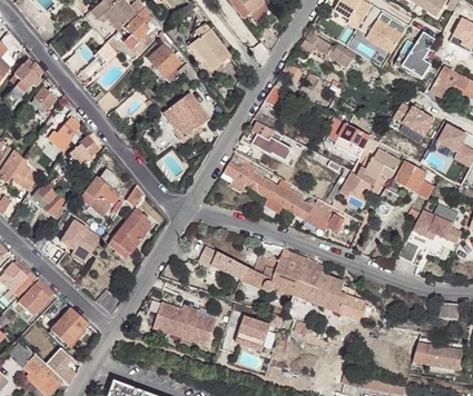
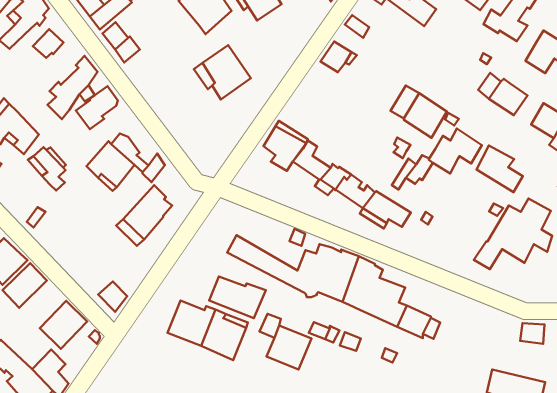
building: [248,121,284,151] -> none
building: [61,219,101,261] -> none
building: none -> [209,276,266,318]

